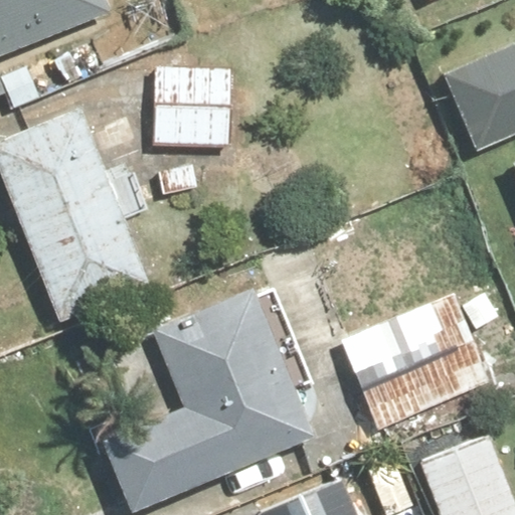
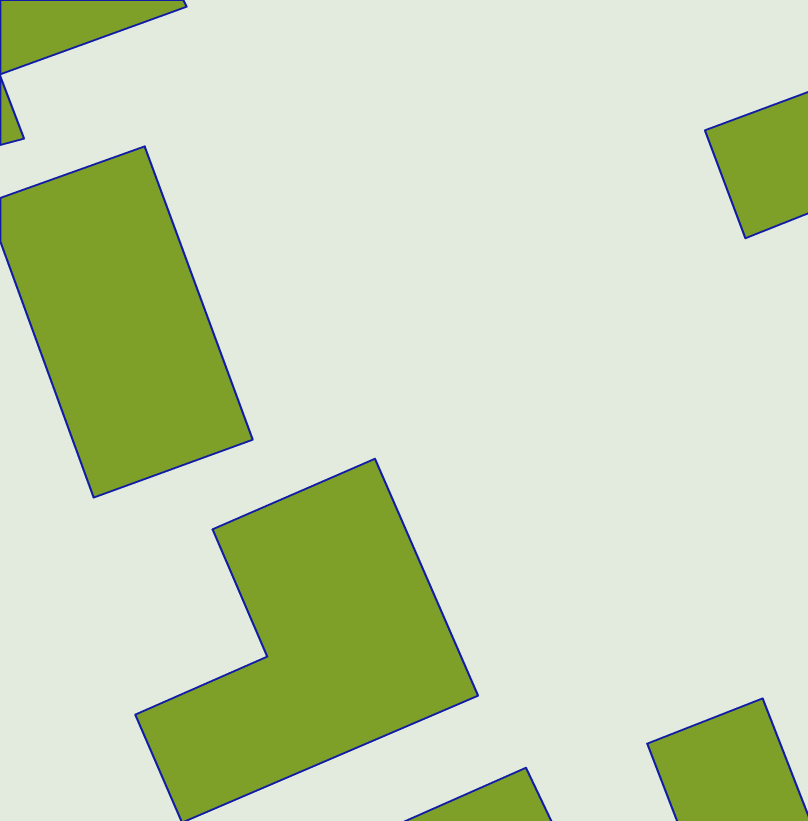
building: [158,55,245,142] -> none
building: [341,297,491,436] -> none

